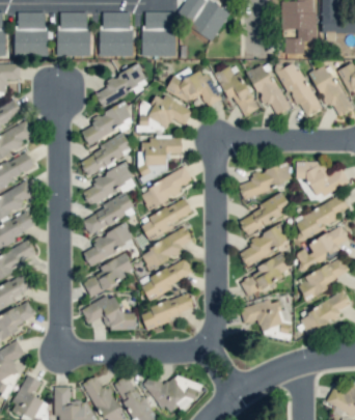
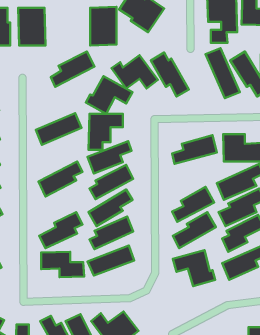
building: [100,12,133,57] -> none
building: [247,63,289,114] -> none
building: [82,103,135,146] -> none
building: [83,163,136,206] -> none
building: [238,194,293,235] -> none
building: [83,222,135,265] -> none

